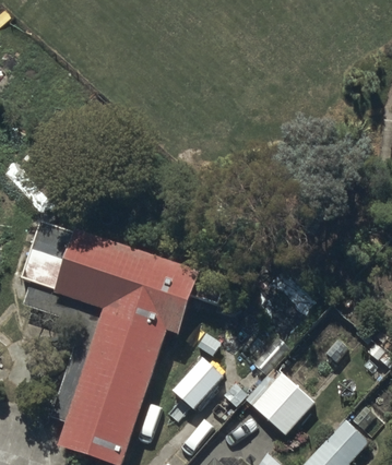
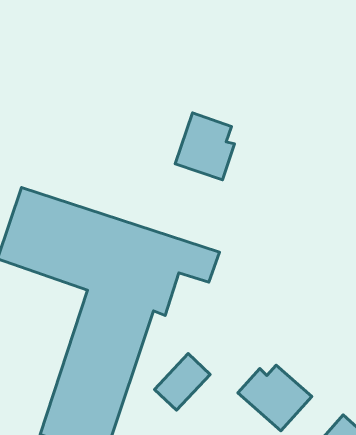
building: none -> [175,113,235,180]

